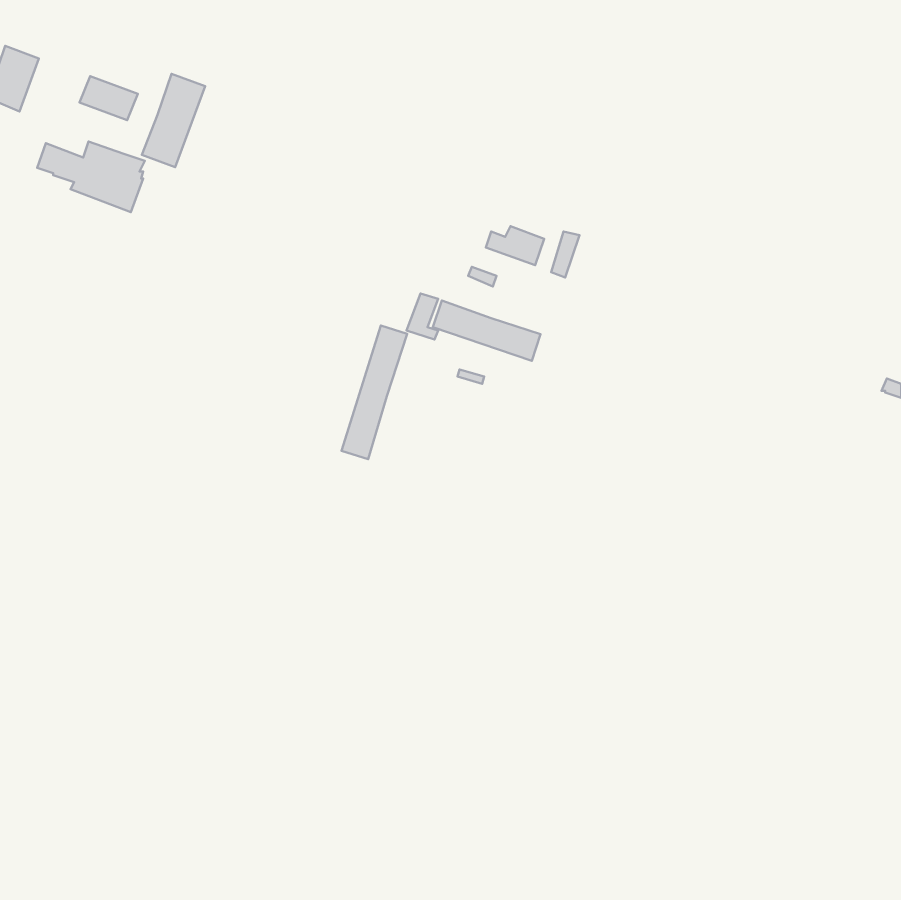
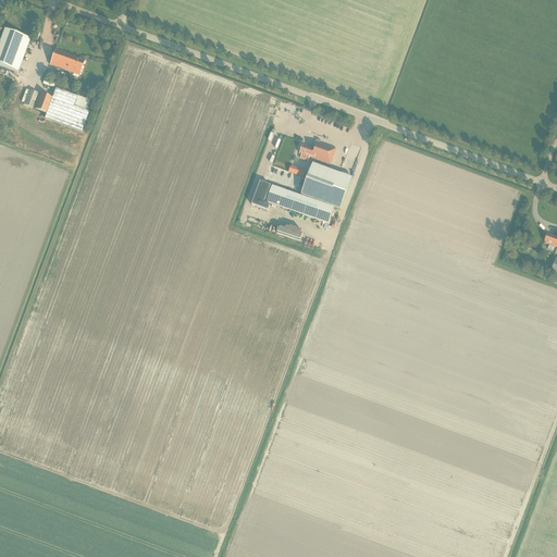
building: [142,74,205,167] -> none
building: none -> [300,162,351,208]
building: [342,325,407,459] -> none

